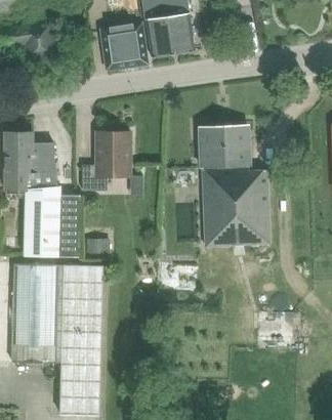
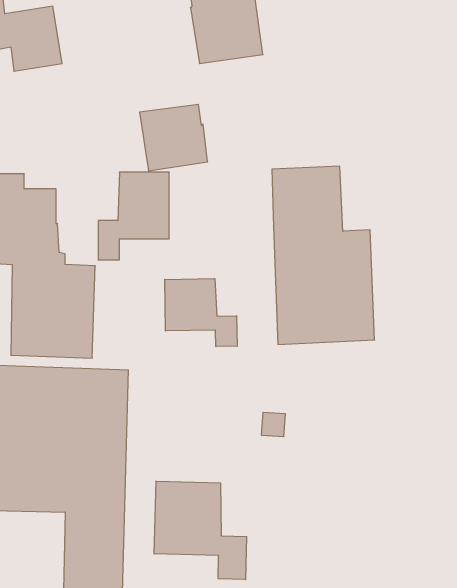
building: [100,25,147,70] -> [140,104,208,171]
building: none -> [165,279,237,347]
building: none -> [154,481,247,580]

